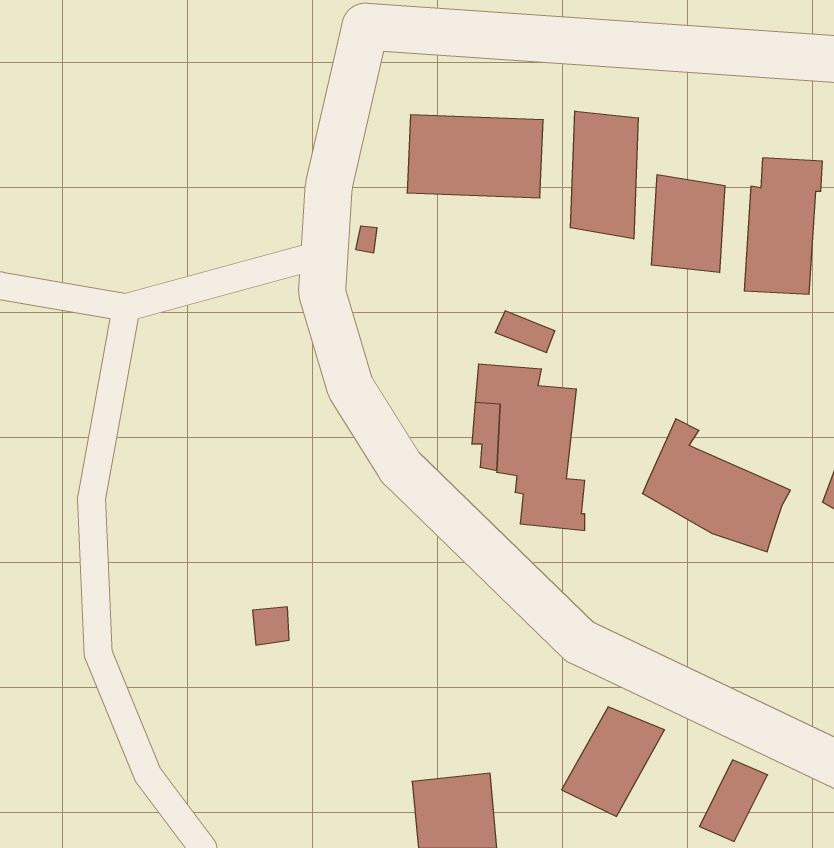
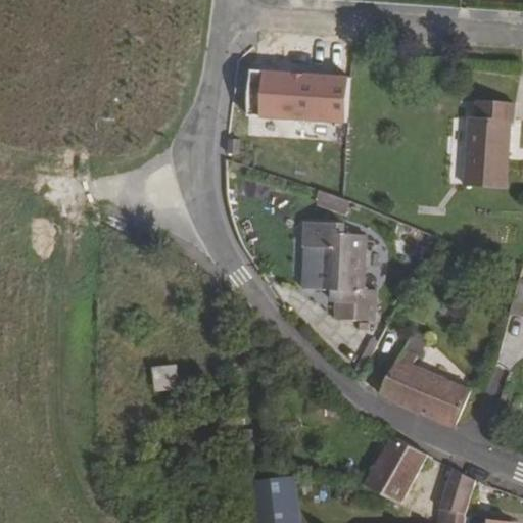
building: [570,111,638,239] -> none
building: [651,175,725,273] -> none
building: [642,419,790,552] -> [378,346,469,428]

